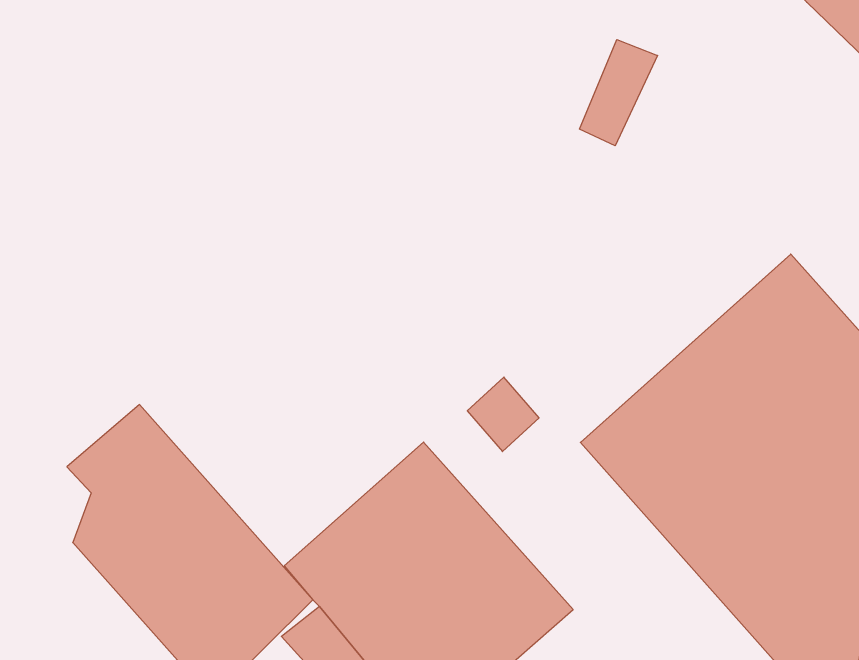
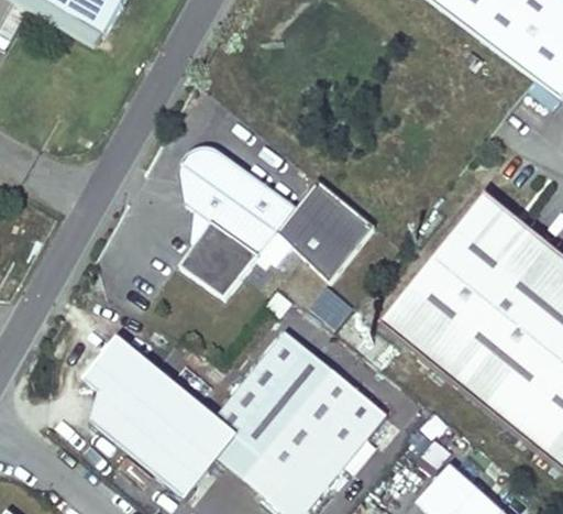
building: [580,40,658,146] -> none
building: none -> [176,145,374,299]

